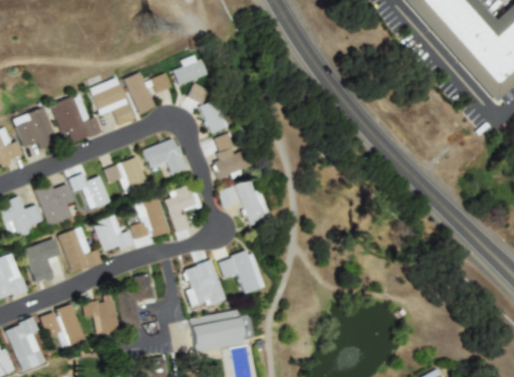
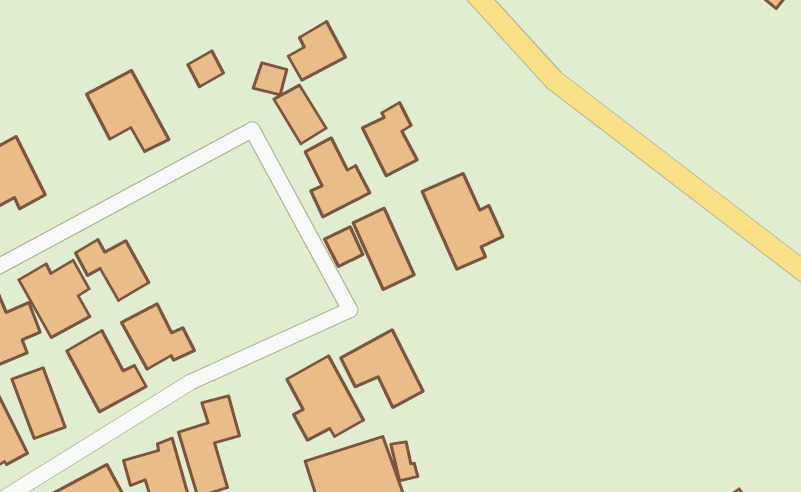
building: [173,53,206,85] -> [288,22,345,80]
building: [125,71,155,113] -> none
building: [52,93,103,142] -> none
building: none -> [362,103,417,176]
building: [143,138,186,173] -> none
building: [104,155,149,193] -> none
building: none -> [422,173,503,269]
building: [162,184,200,233] -> none
building: [130,196,168,238] -> none

